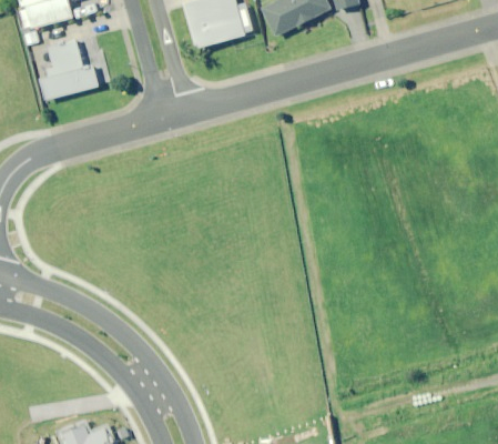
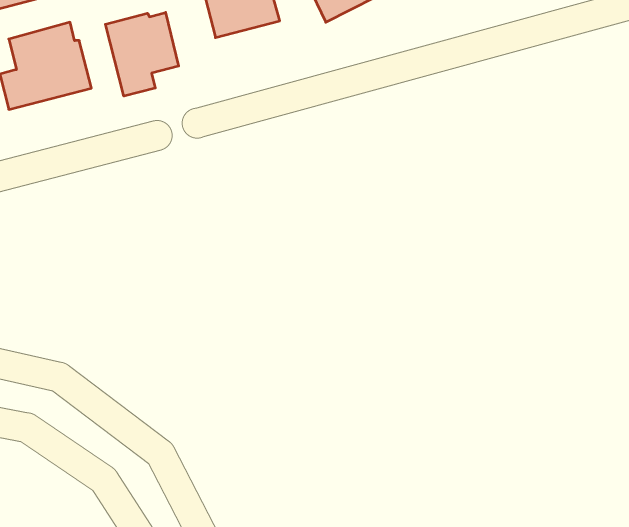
building: none -> [105,12,179,96]

